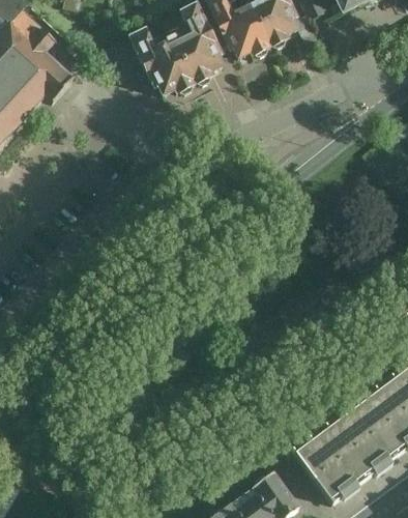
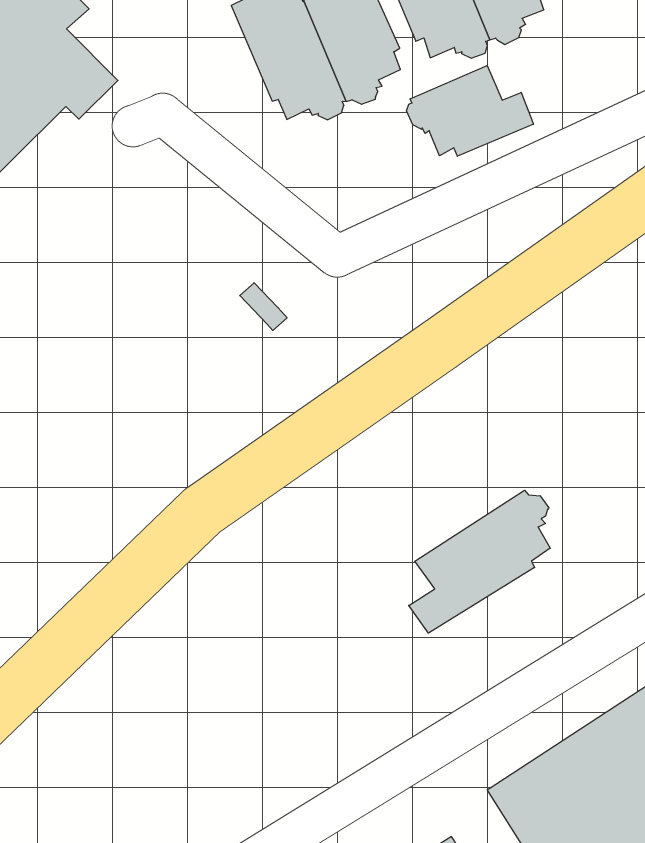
building: none -> [406,65,533,156]
building: none -> [409,490,550,633]

